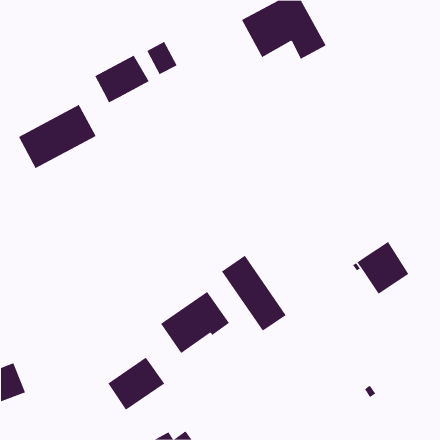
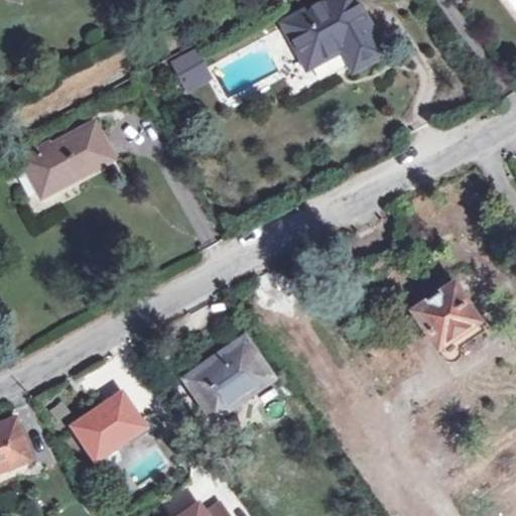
building: [94,55,150,103] -> none
building: [221,255,287,332] -> none
building: [107,357,165,410] -> [75,396,142,459]

